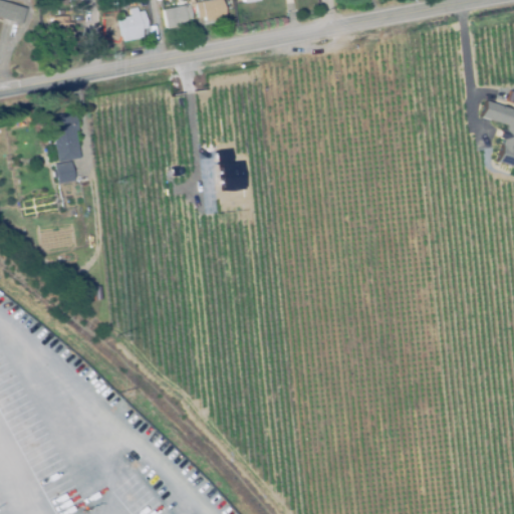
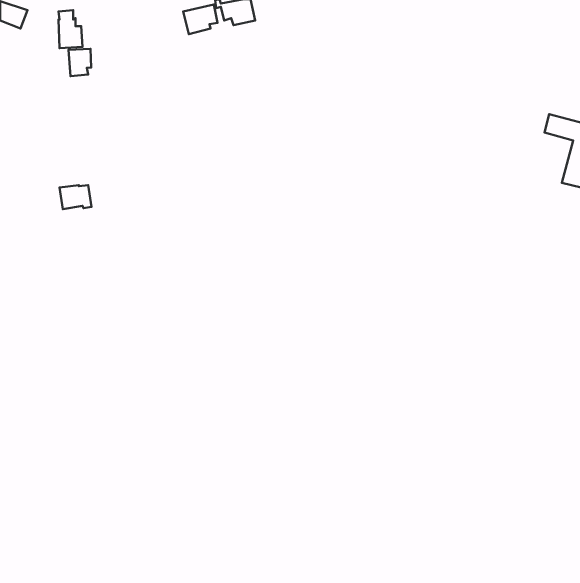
building: [121,5,151,39] -> none
building: none -> [68,49,91,76]
building: [52,112,80,156] -> none

